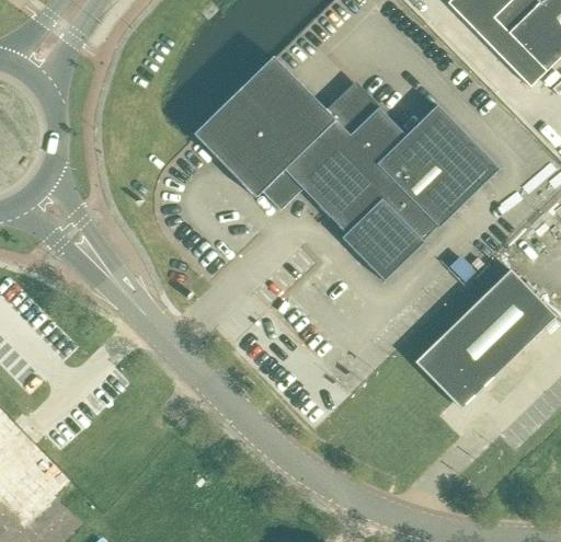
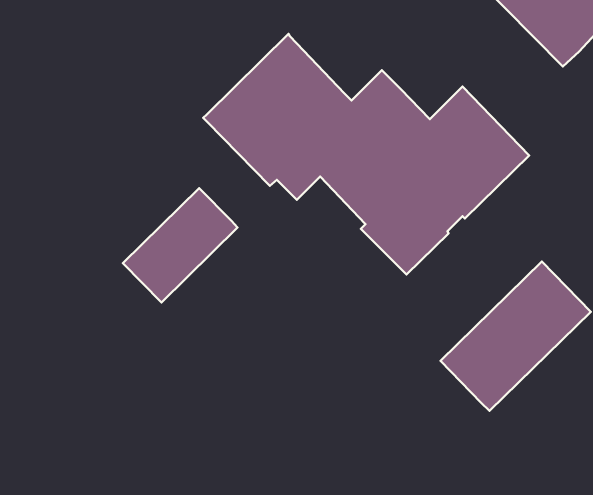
building: none -> [123,188,238,302]

